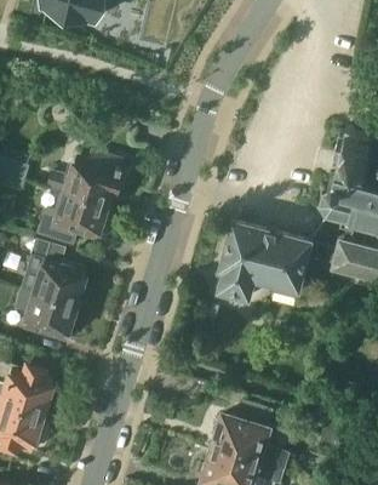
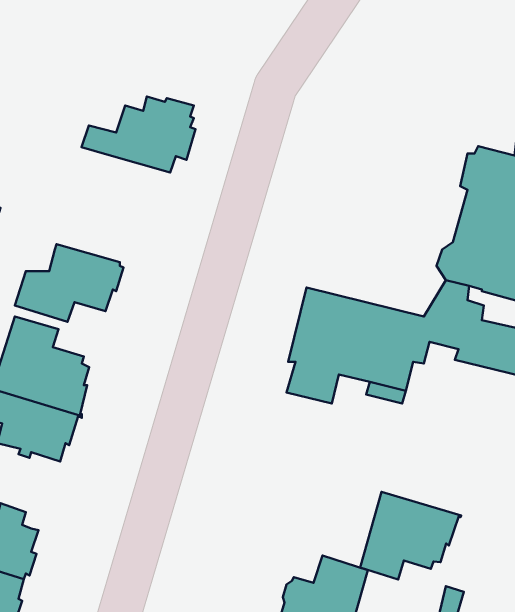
building: [47,153,124,204] -> [82,96,196,173]
building: none -> [360,492,461,579]

